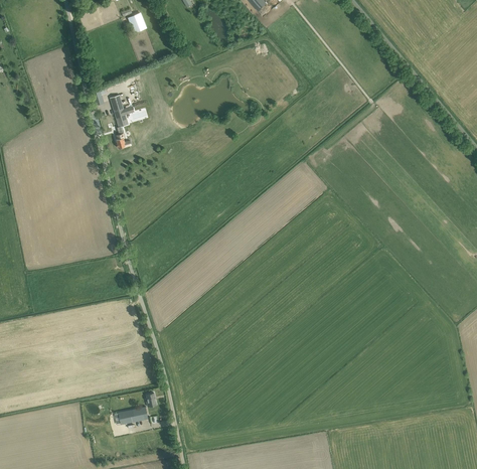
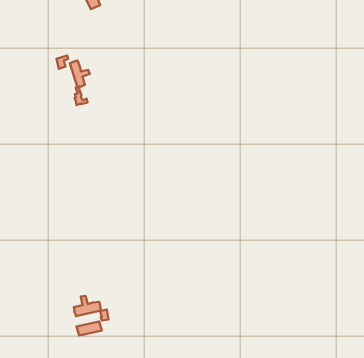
building: none -> [74,296,101,316]

